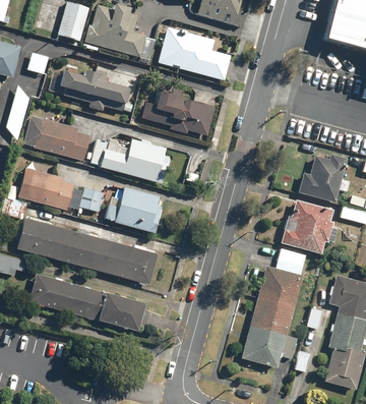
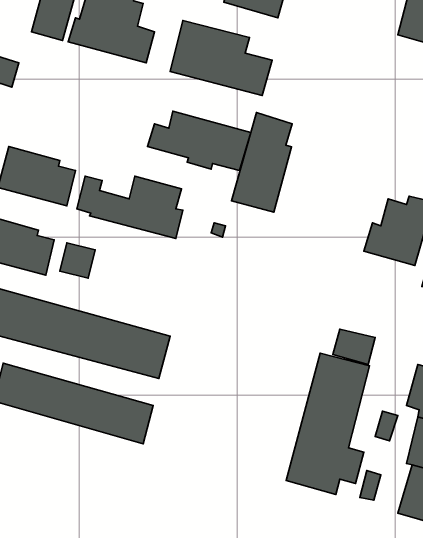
building: [60,70,131,104] -> none
building: none -> [232,112,292,212]
building: [105,186,163,233] -> none
building: [281,199,333,253] -> none

